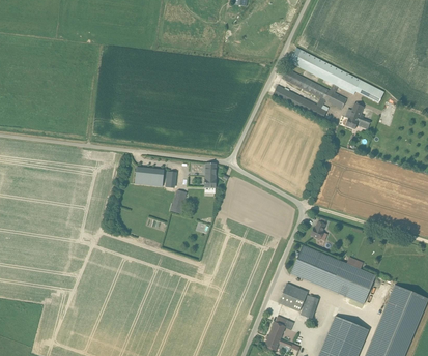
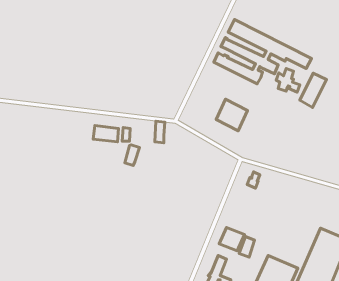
building: none -> [300,73,327,108]
building: none -> [216,99,247,131]
building: [289,244,376,303] -> none

